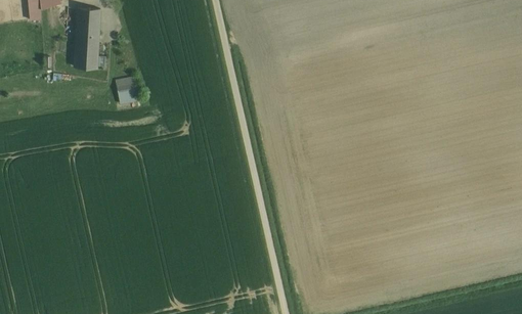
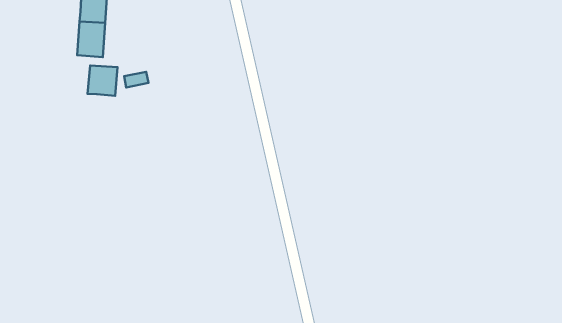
building: none -> [87,65,118,96]

